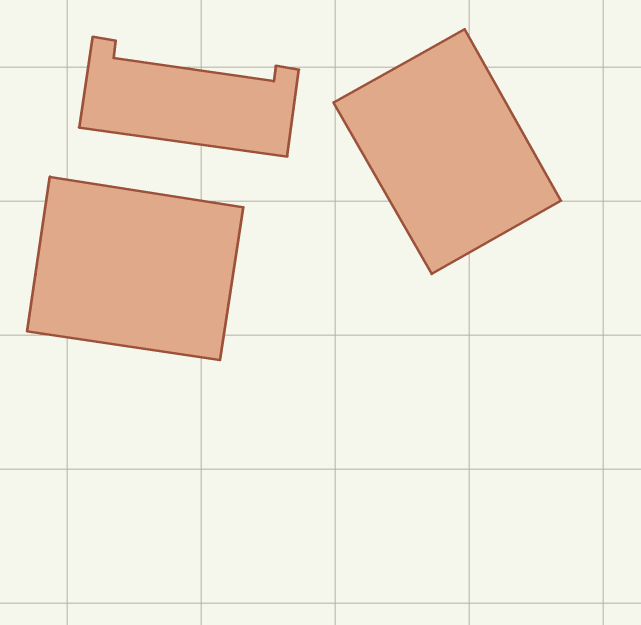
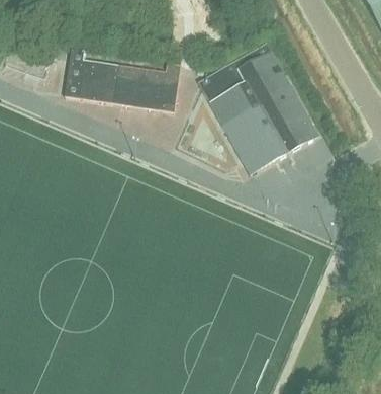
building: [27,177,243,360] -> none

